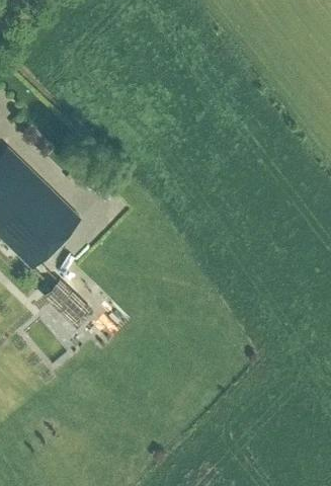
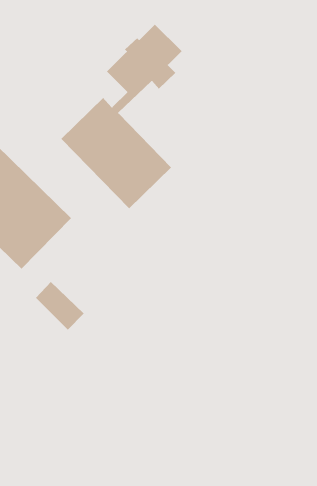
building: none -> [60,24,182,209]

